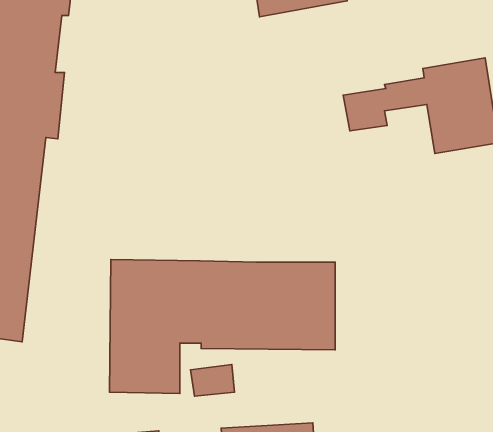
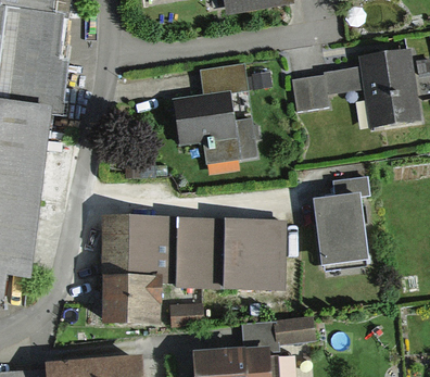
building: none -> [174,63,271,162]
building: none -> [313,177,368,265]
building: none -> [274,315,318,348]

